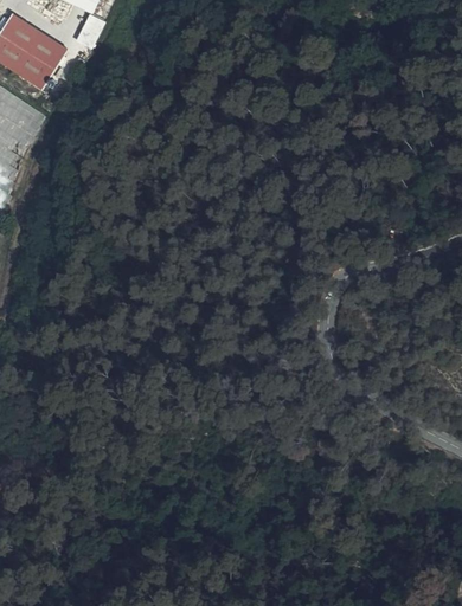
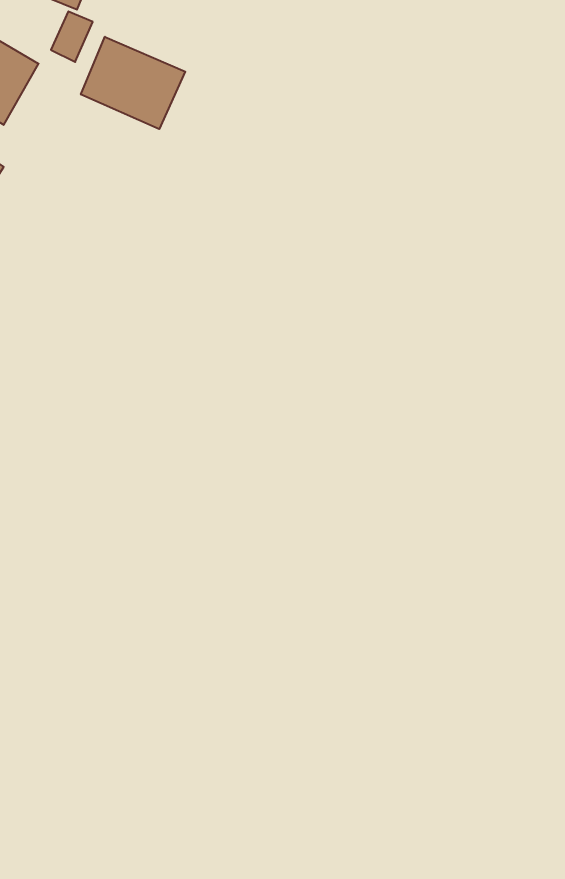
building: none -> [81,37,185,129]

